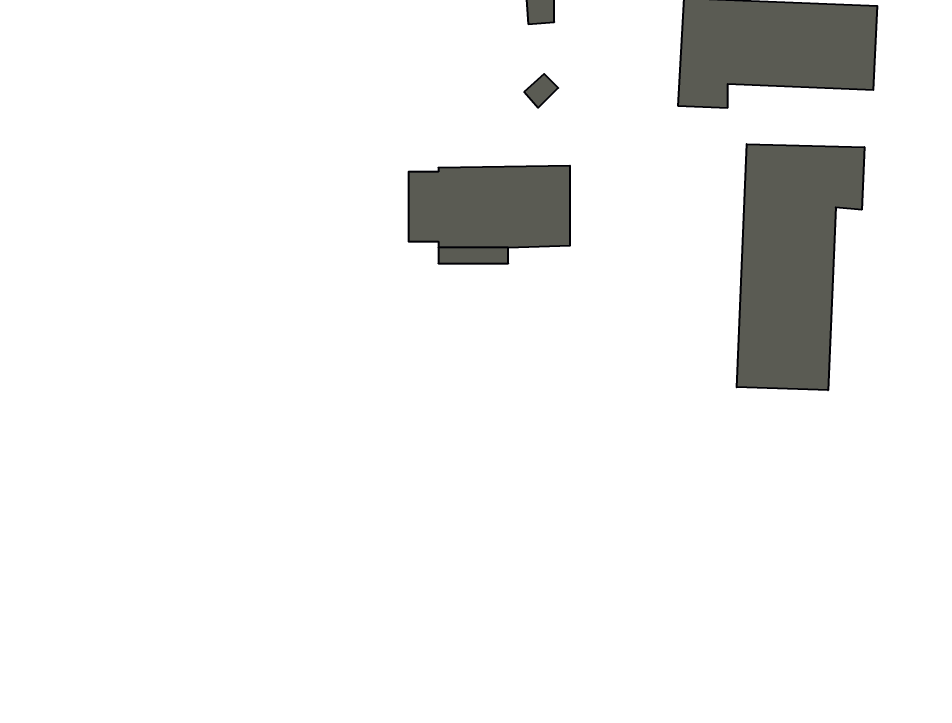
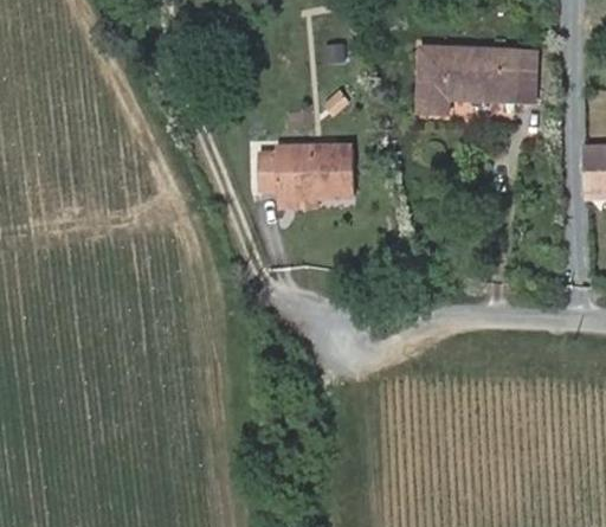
building: [737,144,864,390] -> none

